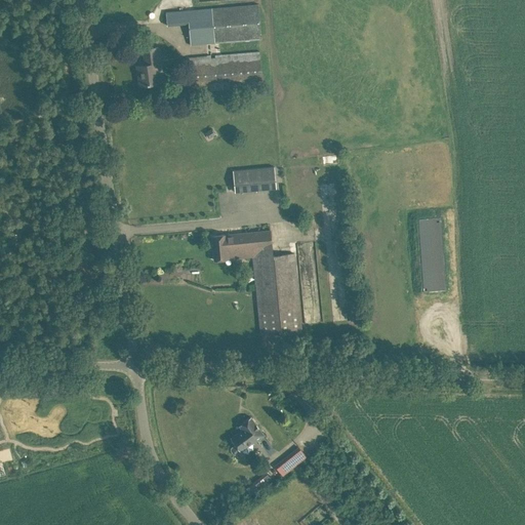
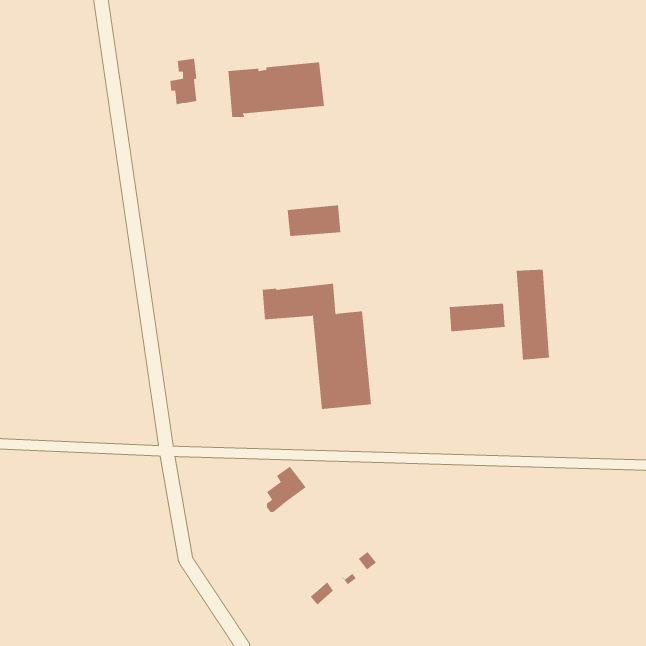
building: [166,4,261,45] -> none
building: none -> [449,303,505,332]
building: [231,416,264,454] -> [266,466,306,512]

